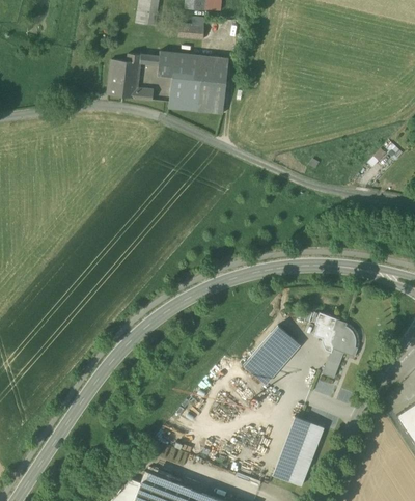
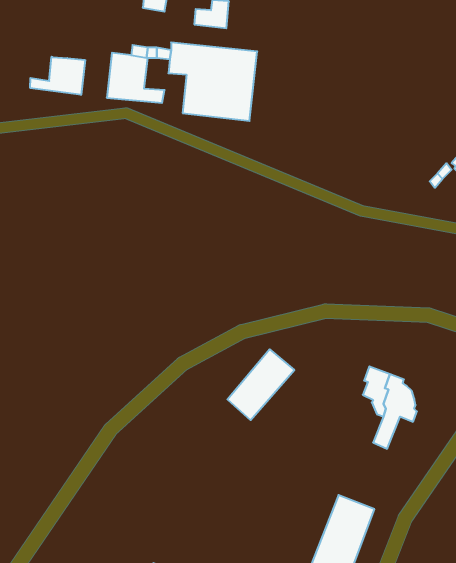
building: none -> [30,57,85,95]
building: [243,325,297,382] -> [227,349,294,420]

